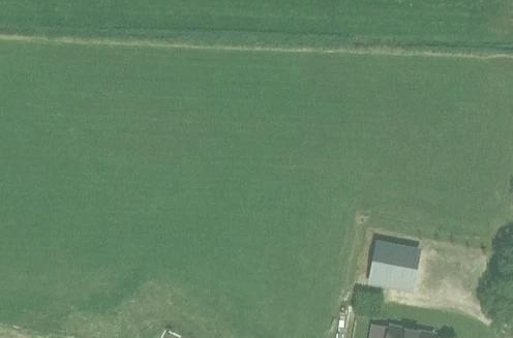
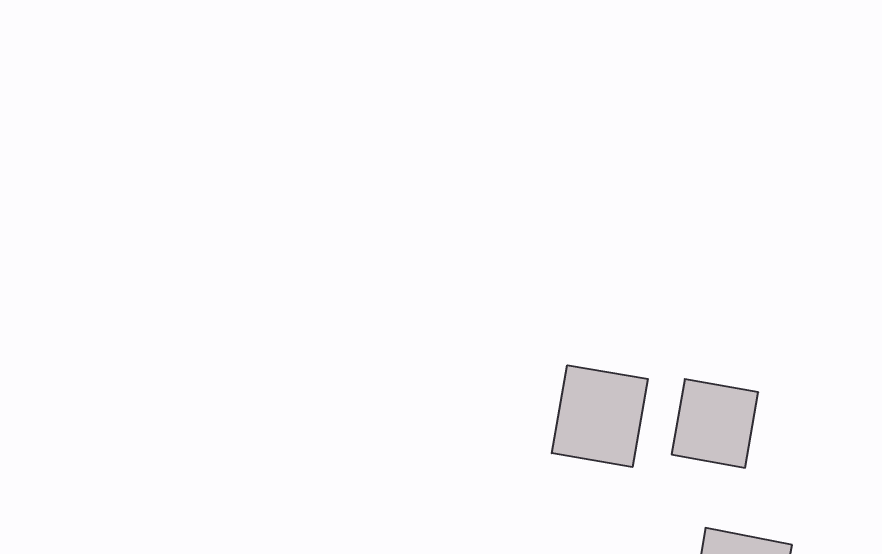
building: none -> [552,365,648,467]

